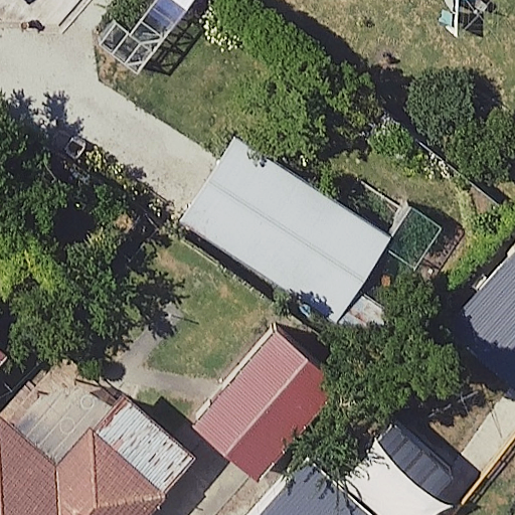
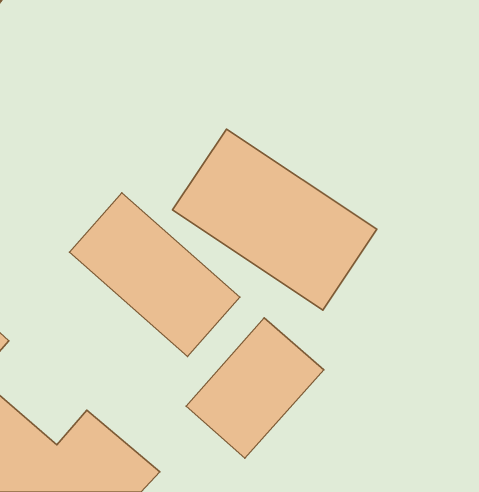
building: none -> [69,193,240,356]

